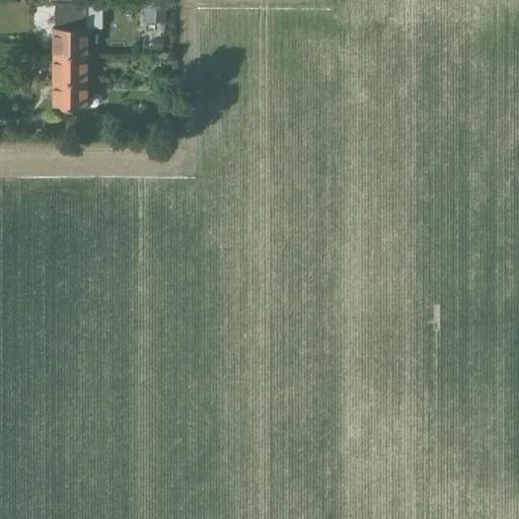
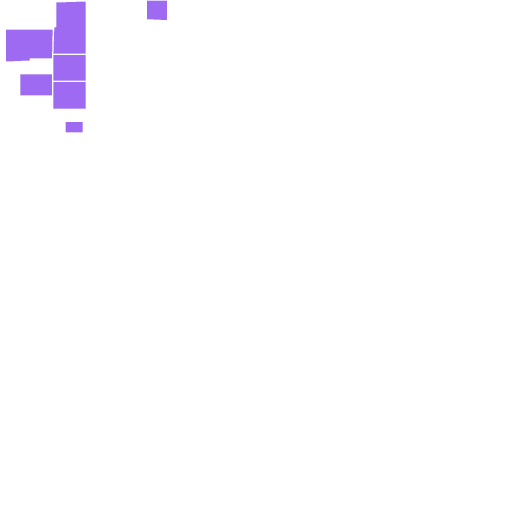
building: none -> [6,29,53,62]
building: none -> [20,73,52,96]

